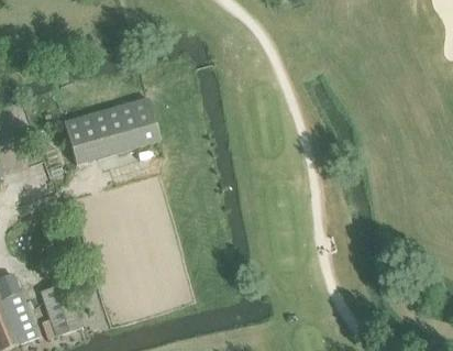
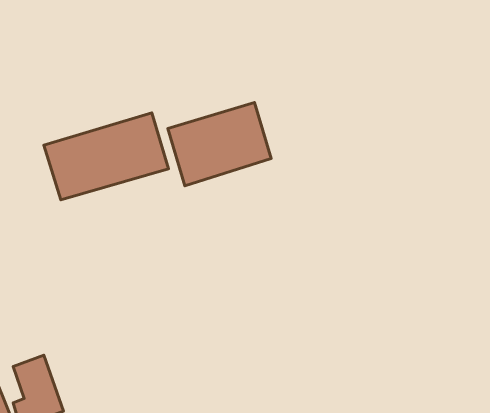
building: none -> [168,102,271,186]

